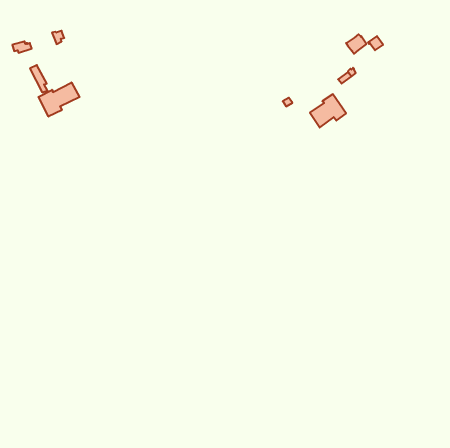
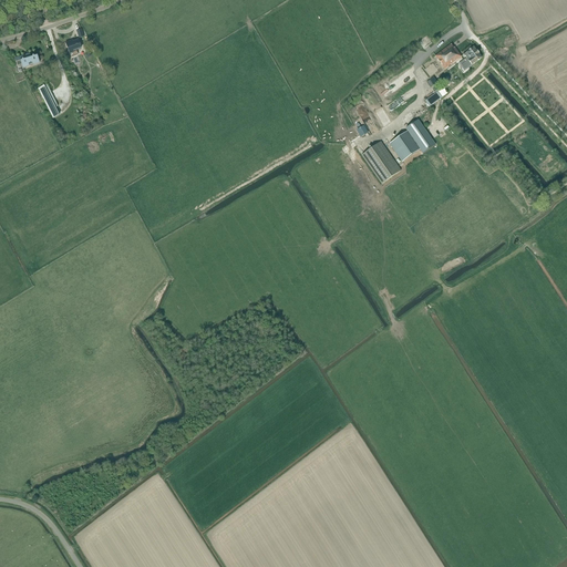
building: [38,82,80,117] -> none
building: none -> [362,141,401,182]

